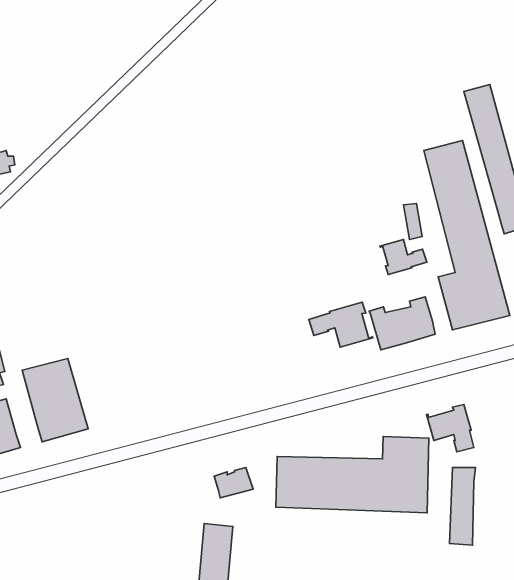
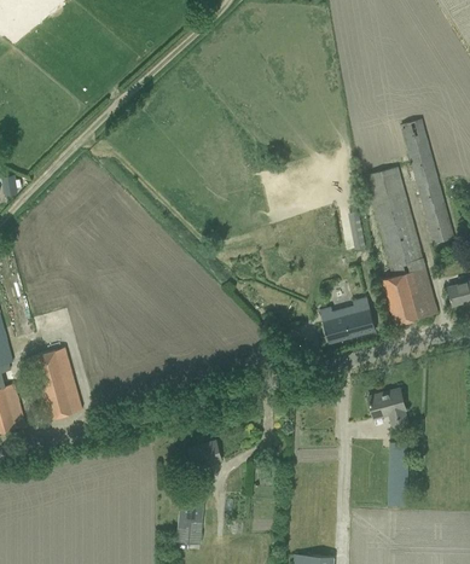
building: [380,239,427,275] -> none
building: [309,302,373,347] -> none
building: [276,436,429,513] -> none

